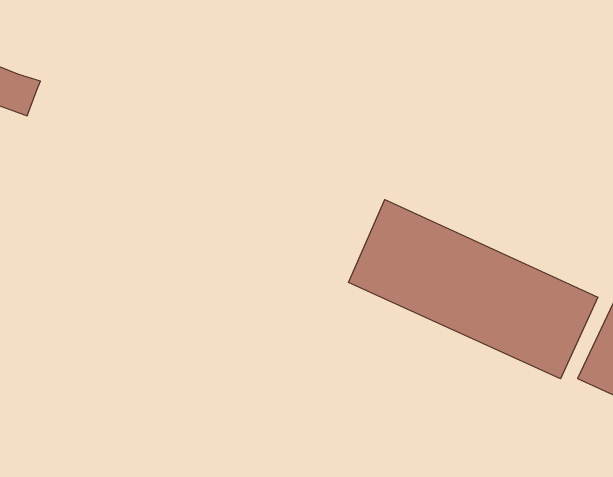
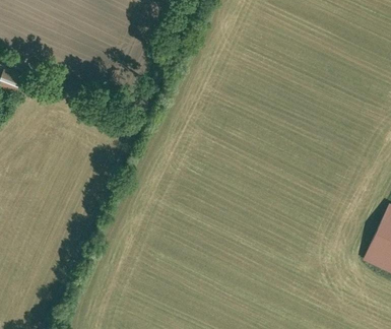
building: [349,200,598,379] -> none

